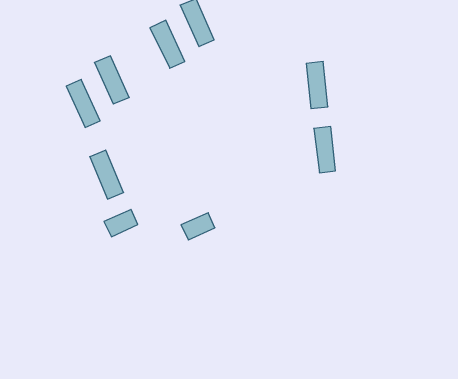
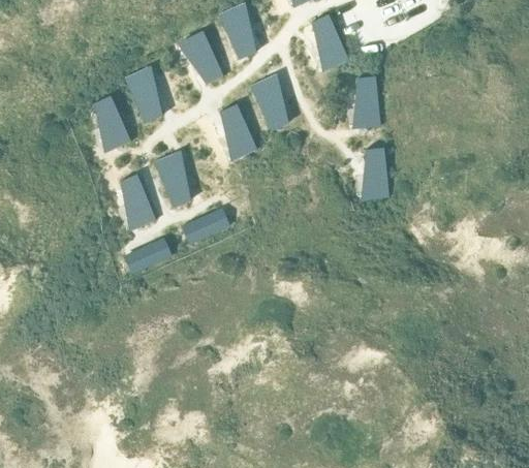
building: none -> [311,14,348,67]
building: none -> [250,77,288,131]
building: none -> [219,104,257,157]
building: none -> [154,155,190,208]
building: [181,213,215,240] -> [181,214,218,244]

